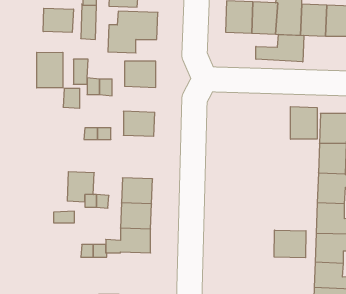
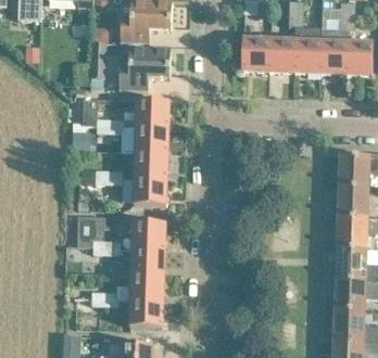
building: [43,8,73,32] -> none
building: [256,34,304,62] -> none
building: [37,52,63,88] -> none
building: none -> [135,125,168,152]
building: [291,107,317,139] -> none
building: none -> [134,176,166,204]
building: [274,230,306,258] -> none
building: none -> [130,297,163,325]

